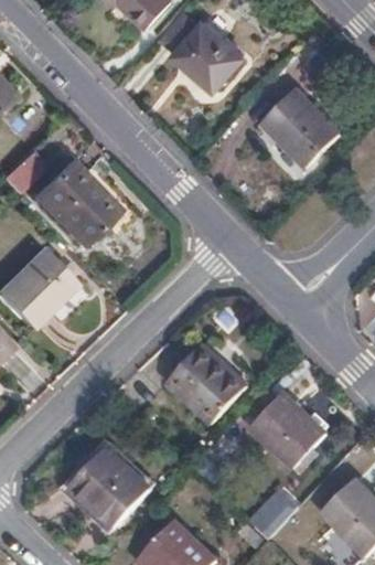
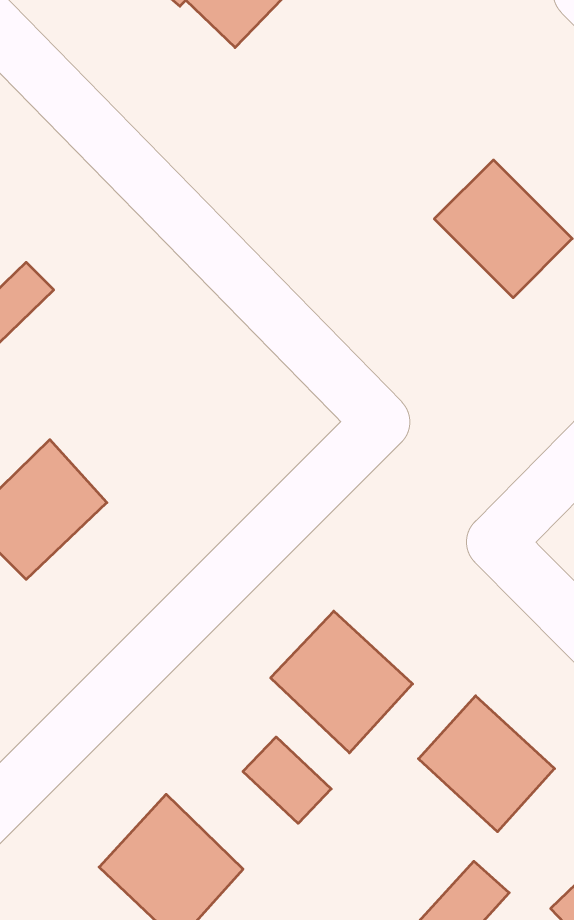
building: [160,11,244,90] -> none
building: [35,160,119,245] -> none
building: none -> [243,737,331,823]

